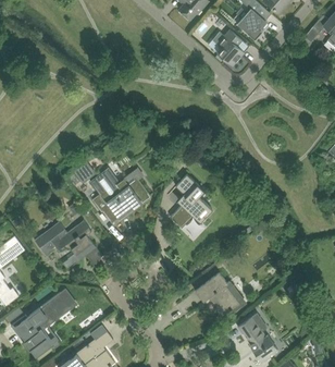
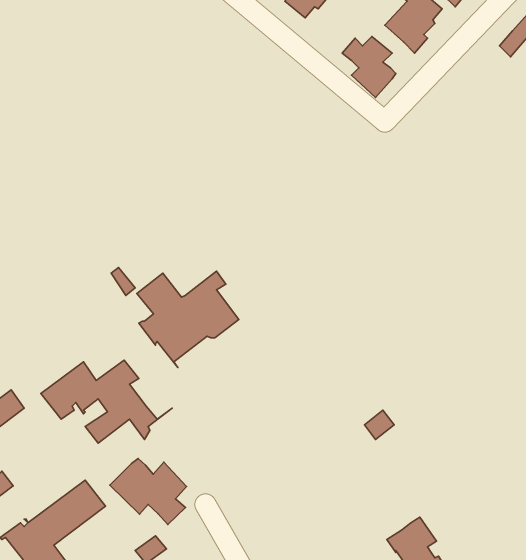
building: [170,174,212,228] -> none
building: [195,272,246,318] -> none
building: none -> [110,458,186,525]

